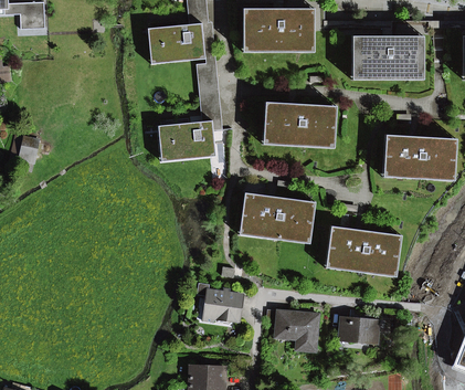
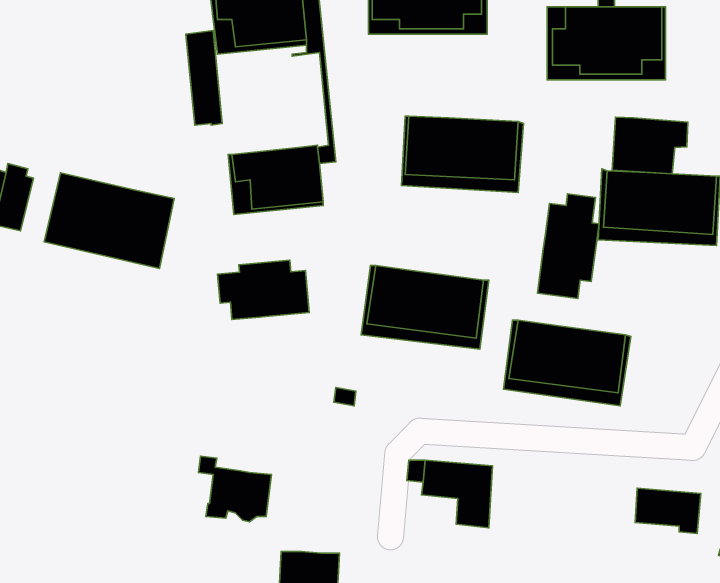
building: [197,63,219,120] -> [186,31,222,125]
building: none -> [612,117,688,174]
building: none -> [44,173,174,268]
building: none -> [537,194,599,299]
building: none -> [218,260,309,320]
building: [198,284,242,324] -> [199,456,271,522]
building: [339,316,379,344] -> [635,488,701,534]

